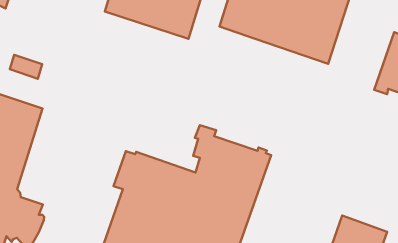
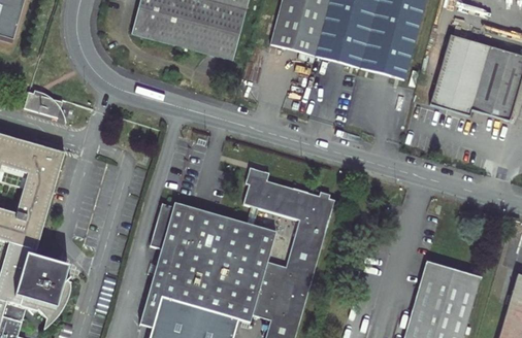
building: none -> [435,32,475,109]

